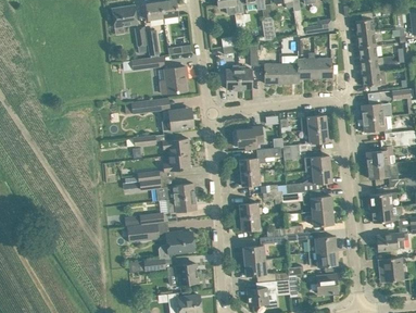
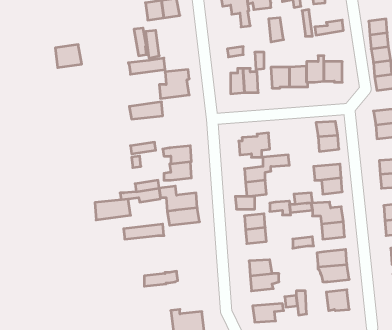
building: [112,5,137,27] -> [55,45,82,68]
building: [163,108,192,129] -> none
building: [126,223,160,242] -> [95,199,131,220]
building: [165,231,194,253] -> none
building: [168,263,198,285] -> none

